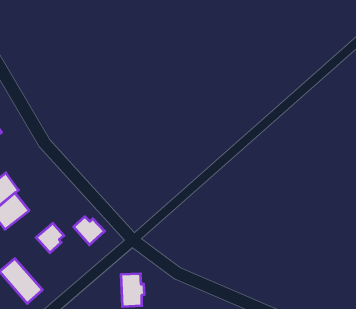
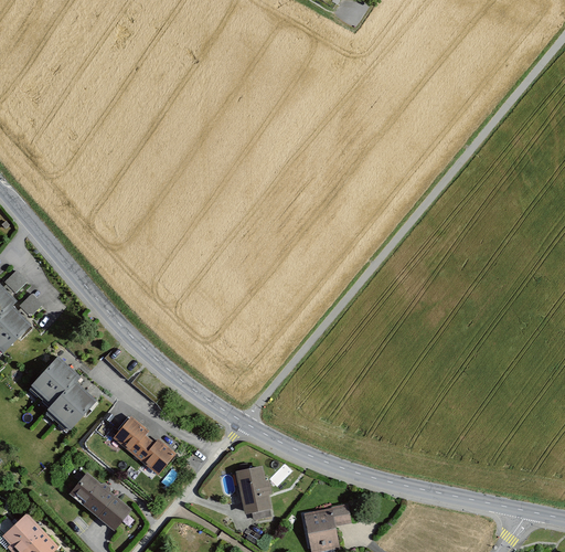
building: [74,217,105,245] -> [134,439,177,477]

